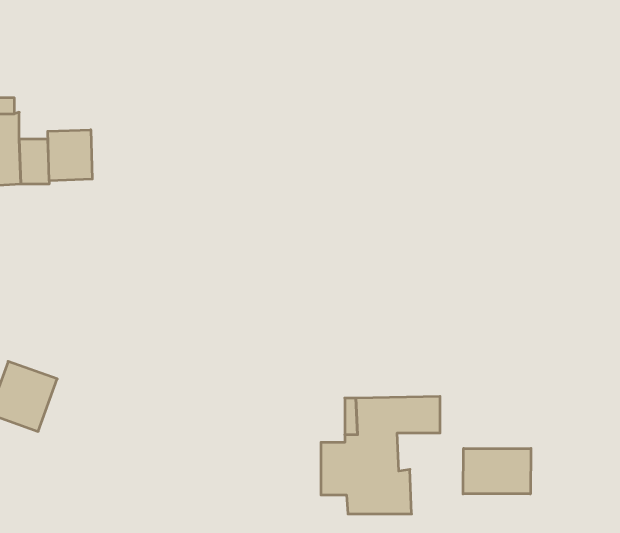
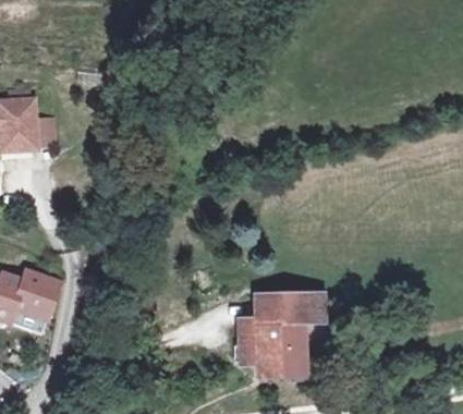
building: [48,130,92,181] -> none
building: [463,448,531,494] -> none

